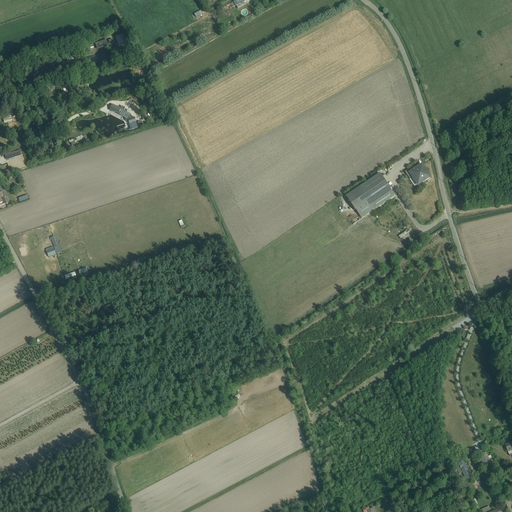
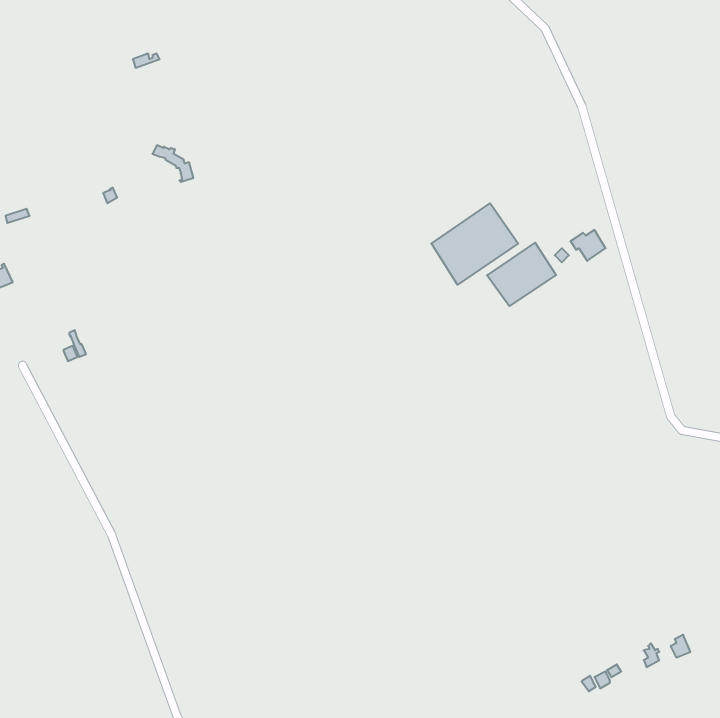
building: none -> [431,203,518,285]

